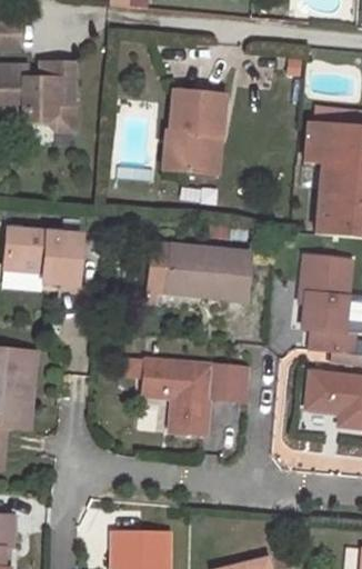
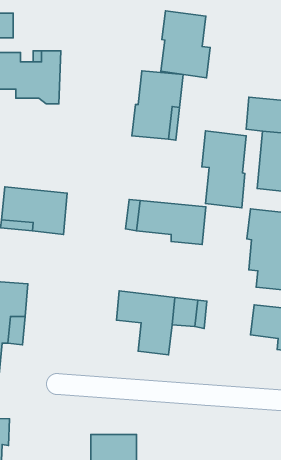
building: none -> [161,11,210,78]
building: none -> [202,131,246,208]

